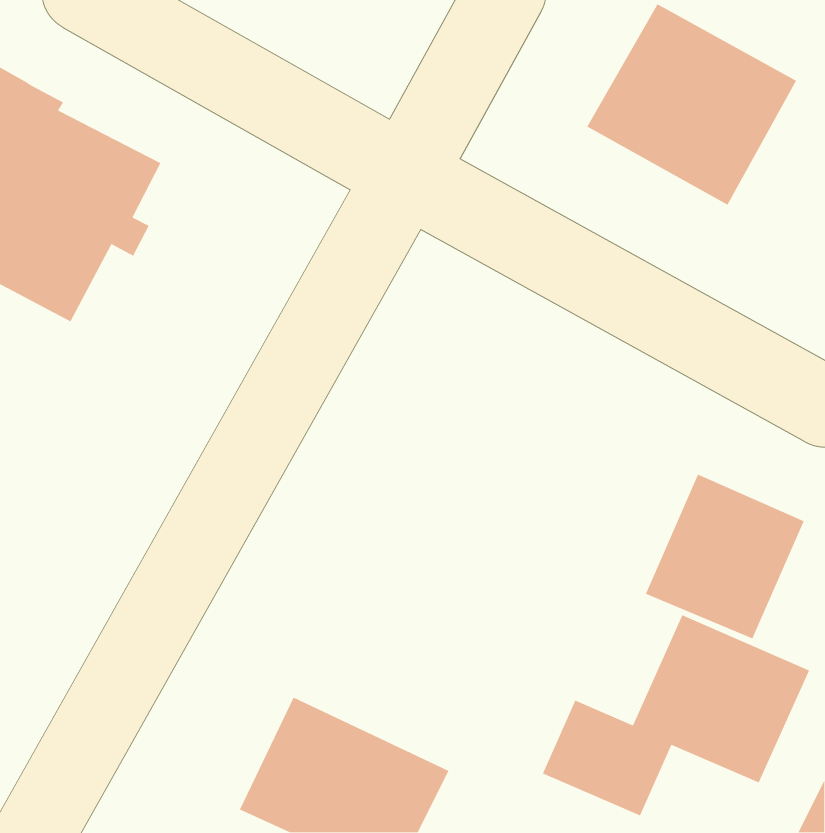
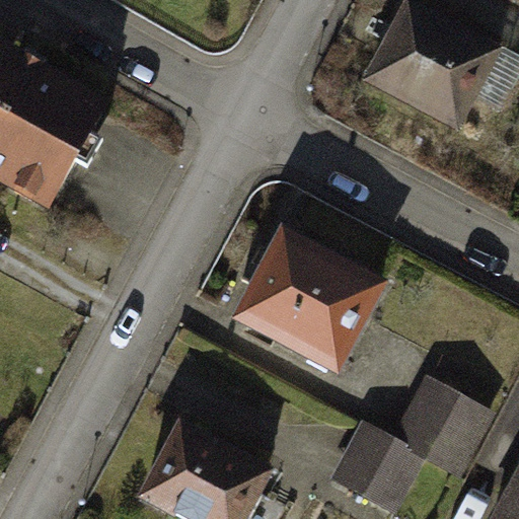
building: none -> [240,229,386,370]
building: [645,474,805,640] -> none

